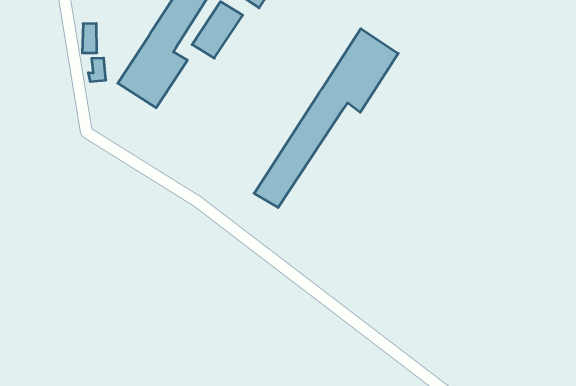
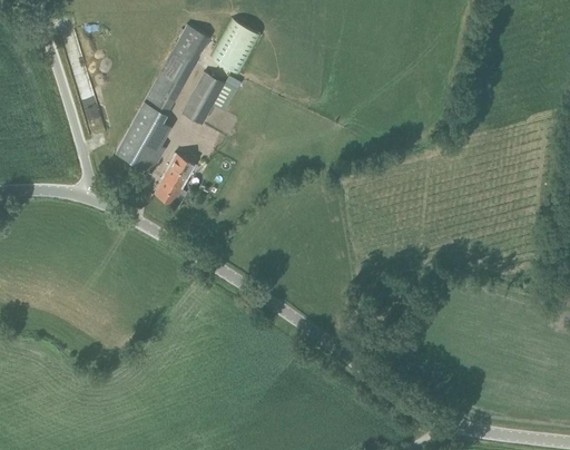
building: [254,29,398,208] -> none
building: none -> [155,154,195,203]

